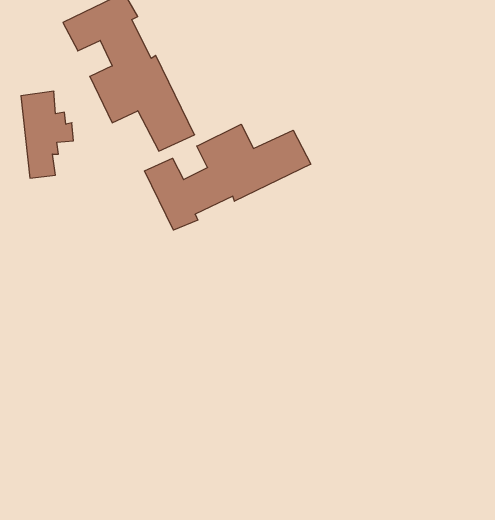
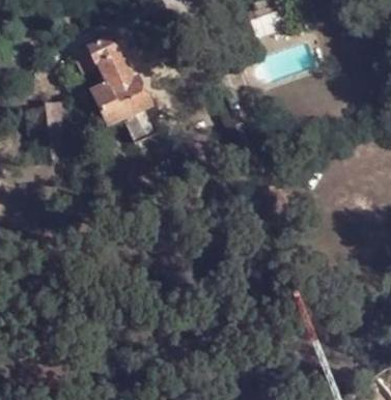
building: [145,124,311,230] -> none

